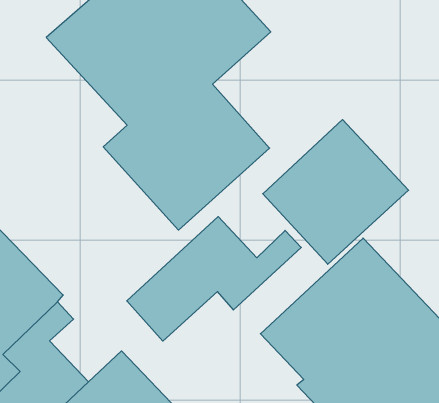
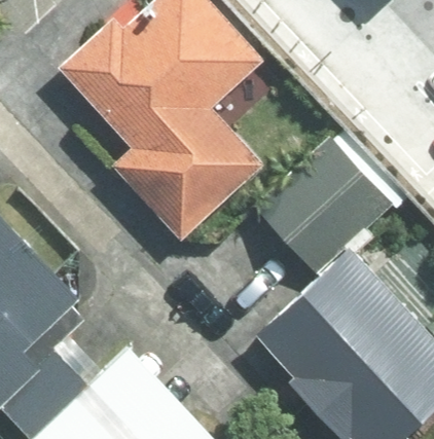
building: [127,217,301,341] -> none

